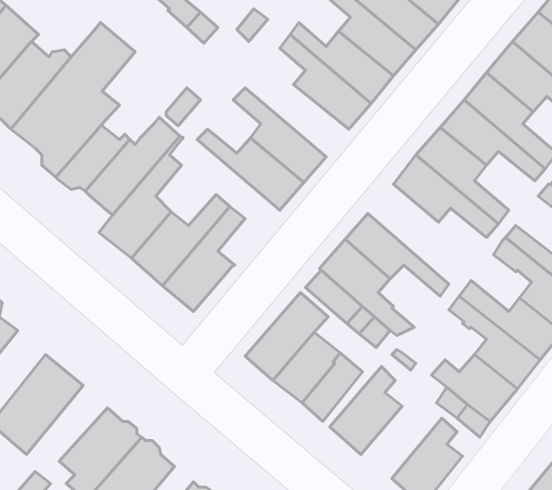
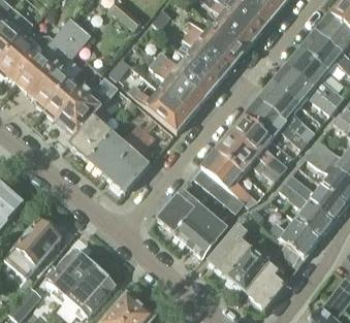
building: none -> [157,50,219,98]
building: none -> [230,115,288,174]
building: none -> [226,248,275,291]

